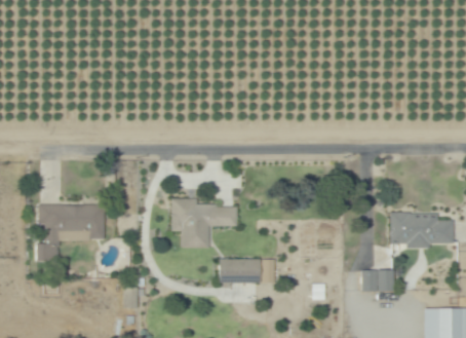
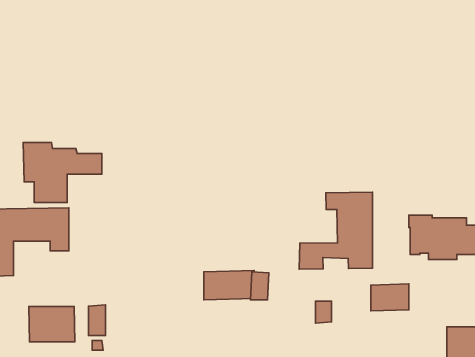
building: none -> [299,192,373,269]
building: [173,198,239,249] -> [23,142,102,203]
building: none -> [29,306,75,342]

